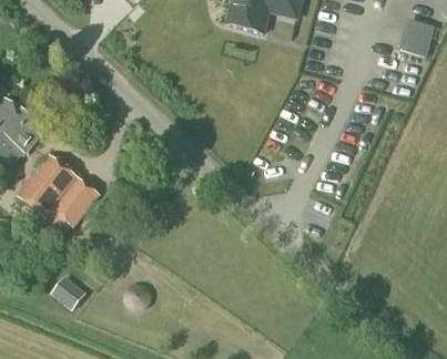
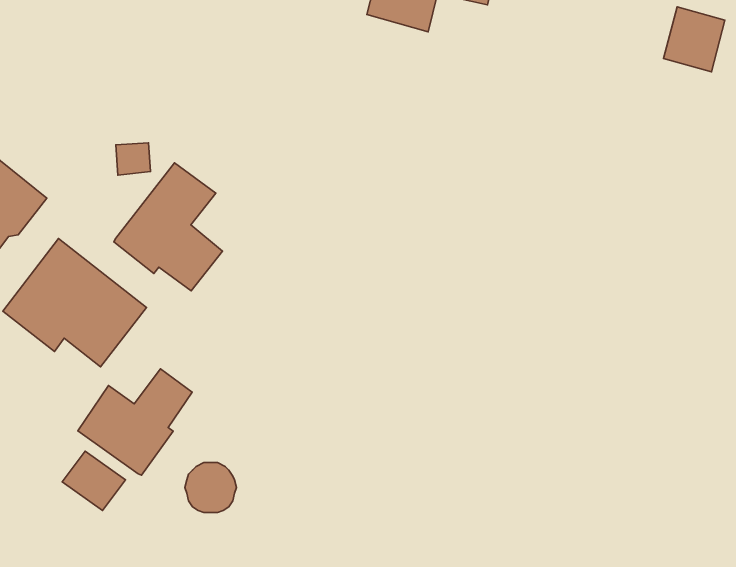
building: none -> [114,163,222,291]
building: none -> [78,369,192,475]

